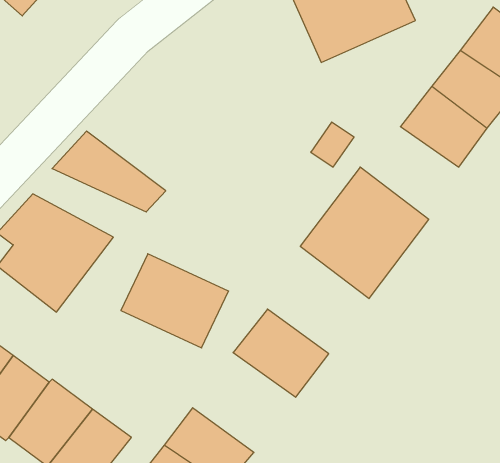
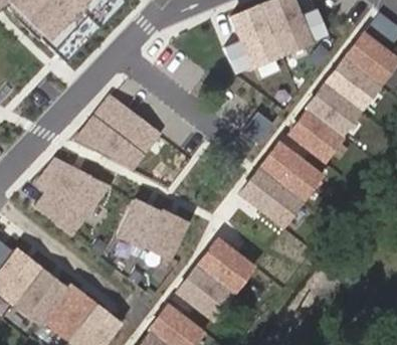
building: none -> [93,95,163,156]
building: none -> [286,113,344,165]
building: none -> [173,265,234,320]

